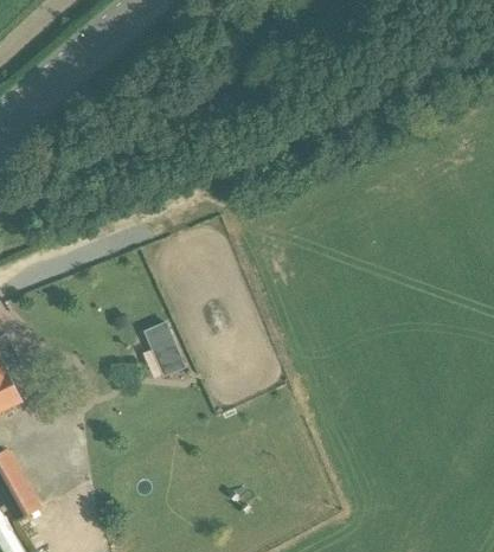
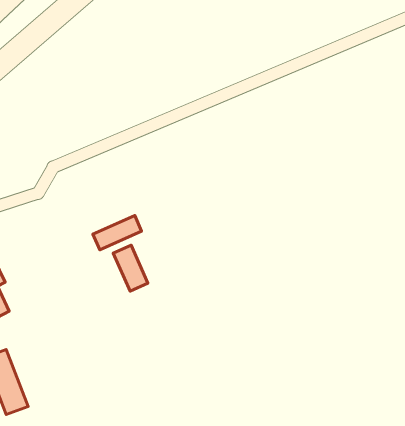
building: none -> [93,216,142,250]

